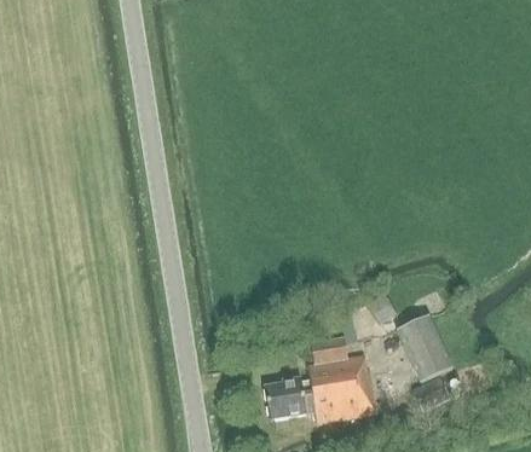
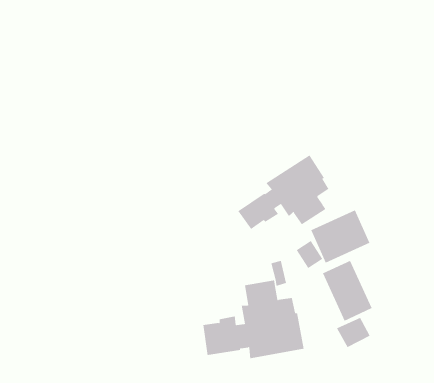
building: none -> [237,154,329,230]
building: none -> [311,210,370,263]

